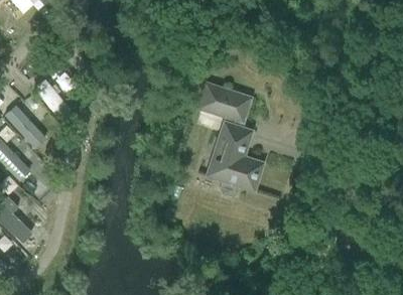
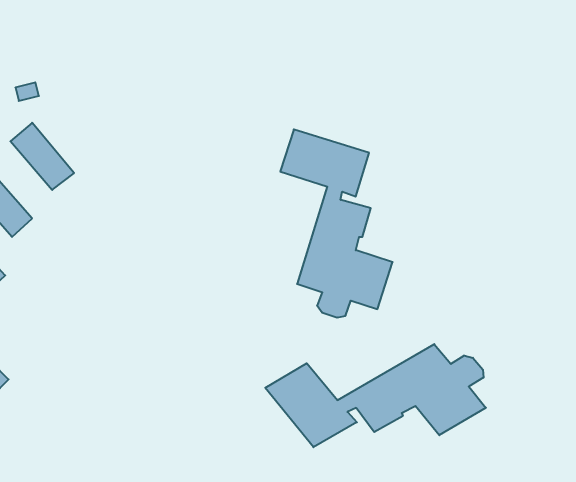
building: none -> [265,344,486,447]

